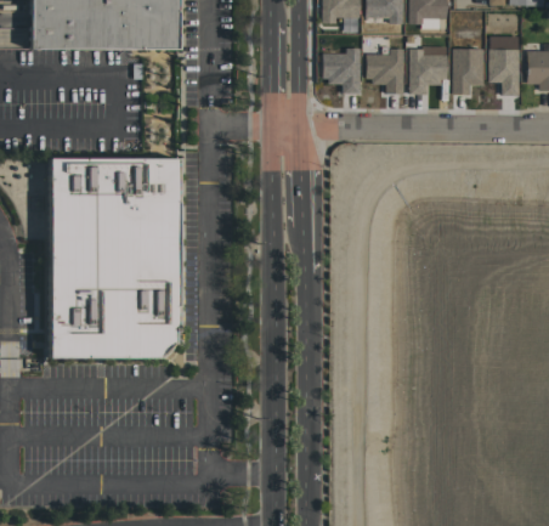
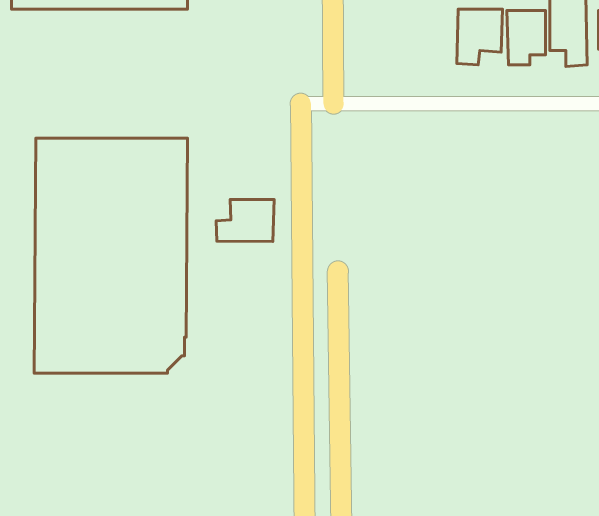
building: [323,49,361,95] -> none
building: [366,50,403,95] -> none
building: none -> [216,200,274,241]

